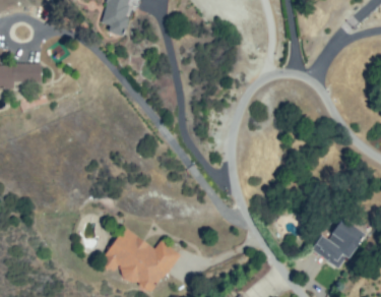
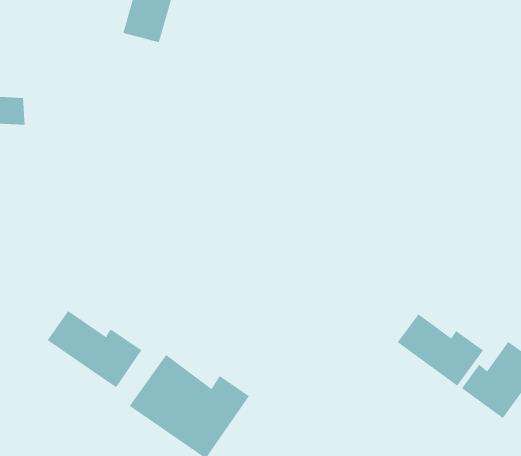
building: none -> [47,310,142,388]
building: none -> [397,313,484,387]

